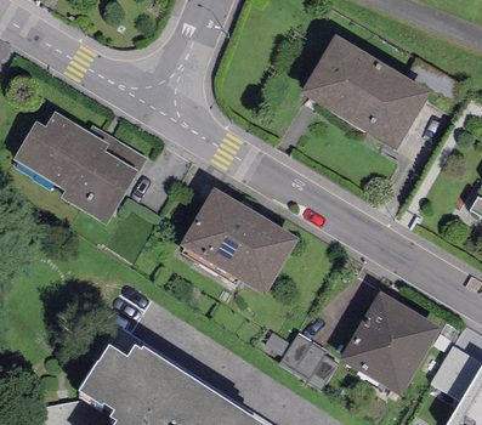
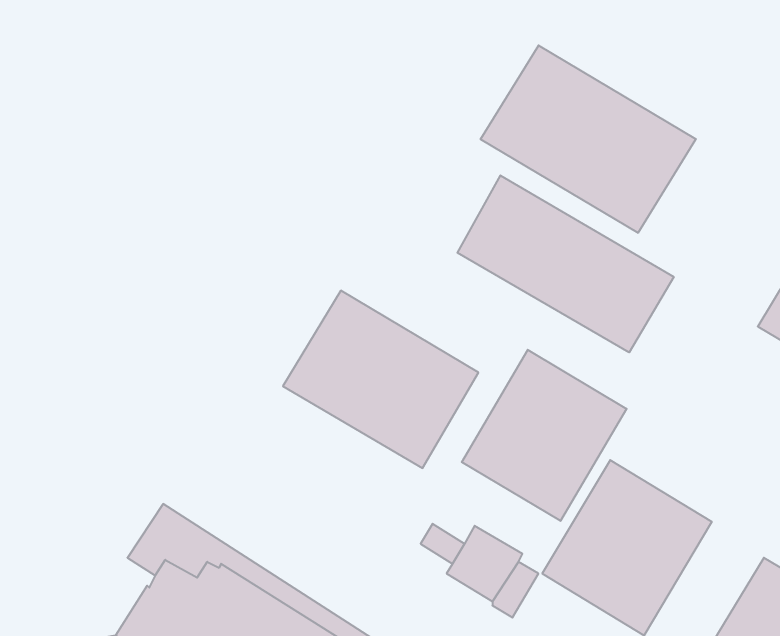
building: [12,109,136,223] -> none
building: none -> [457,175,674,352]
building: none -> [462,350,627,521]

